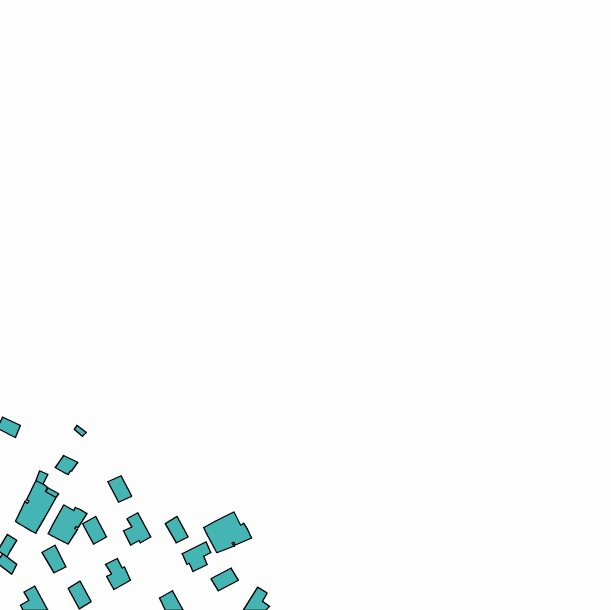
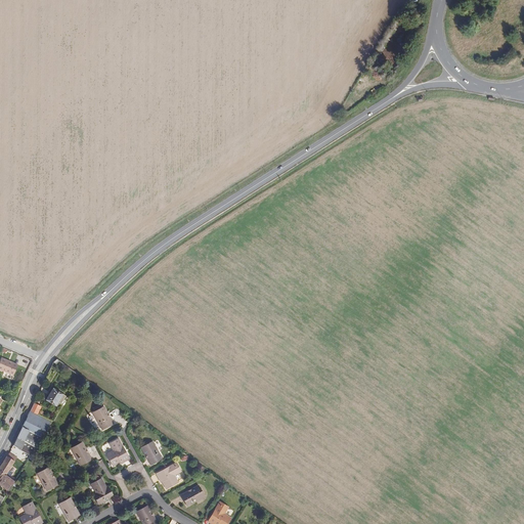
building: [48,505,87,544] -> none
building: [204,512,251,553] -> none

